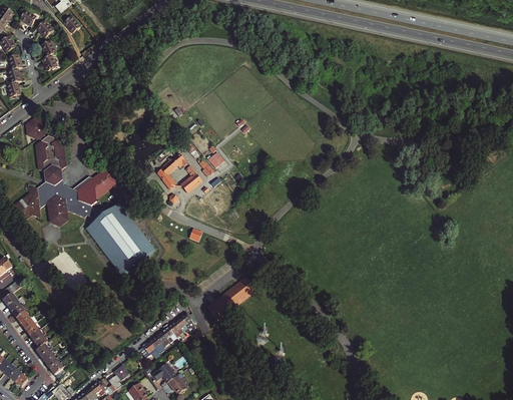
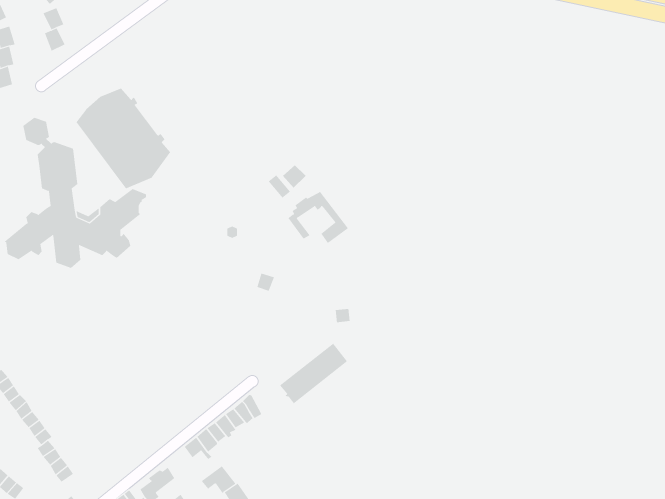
building: [159,155,202,192] -> [288,191,349,244]
building: [86,203,153,274] -> [76,88,171,189]

